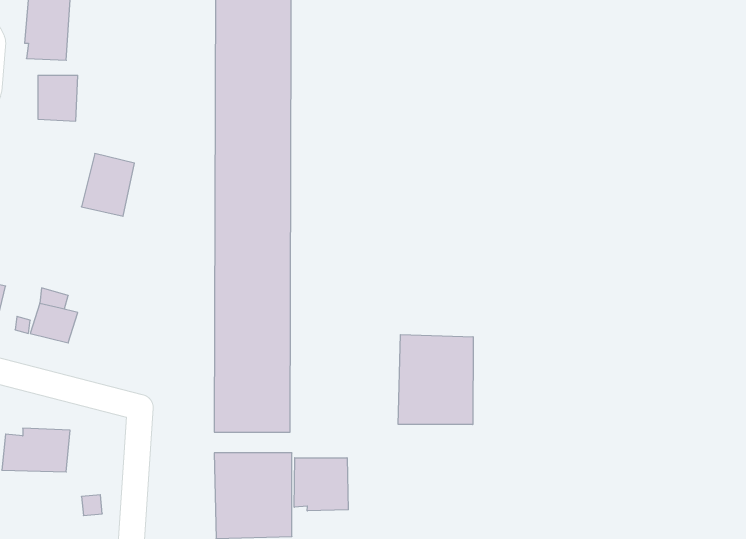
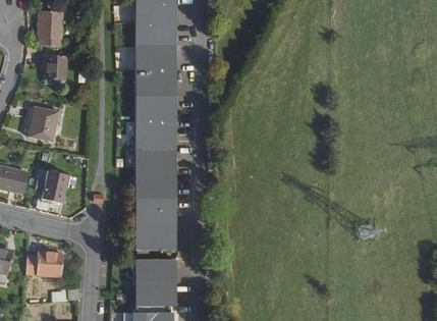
building: [81,154,134,216] -> [25,107,54,141]
building: [398,335,473,425] -> none
building: [294,458,348,511] -> none

